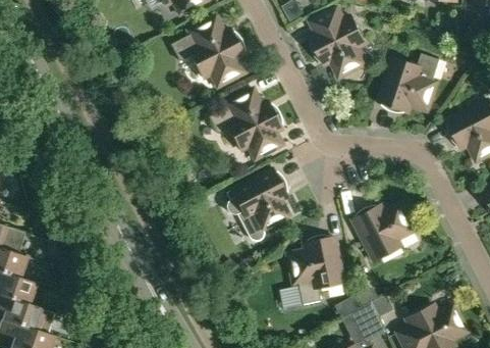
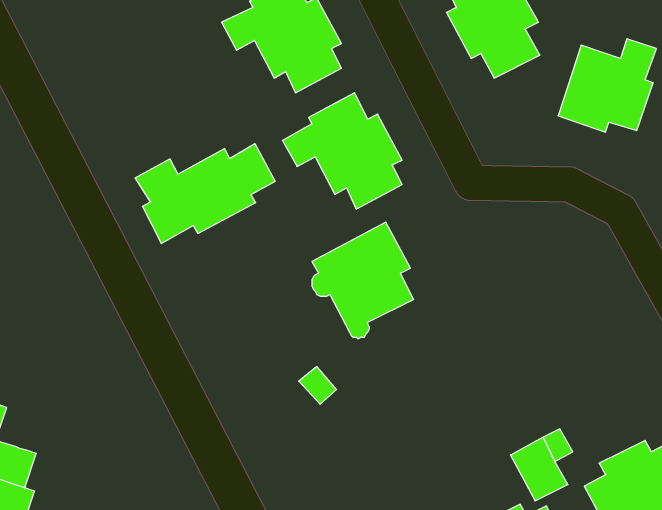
building: none -> [135,144,275,244]
building: [350,202,413,260] -> none
building: [286,236,342,304] -> none

